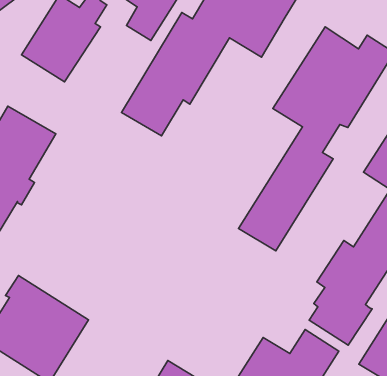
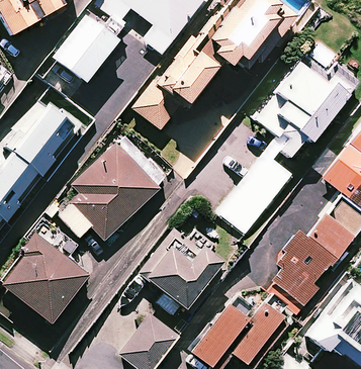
building: none -> [60,134,168,241]
building: none -> [140,225,233,317]

